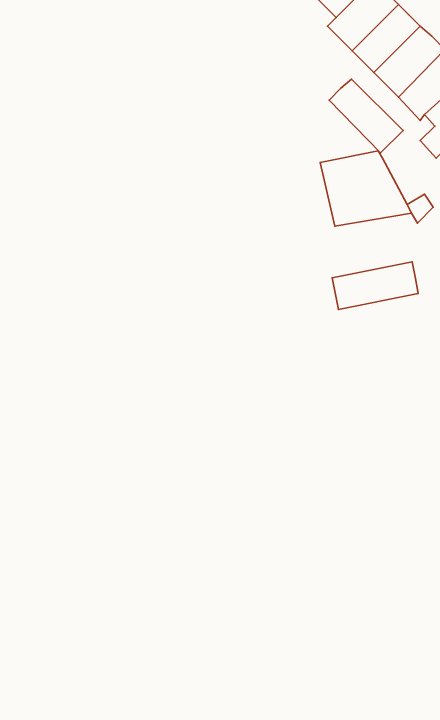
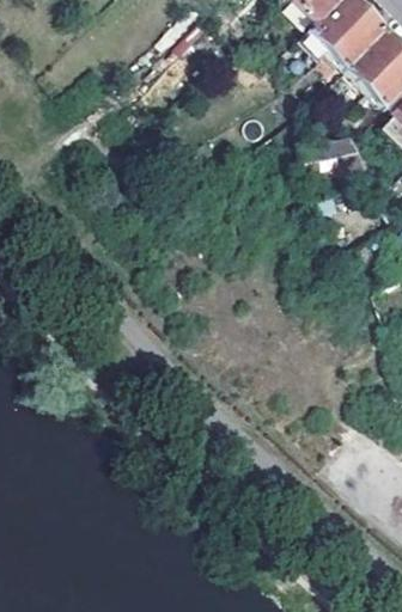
building: [329,79,403,153] -> none
building: [332,262,418,309] -> none

